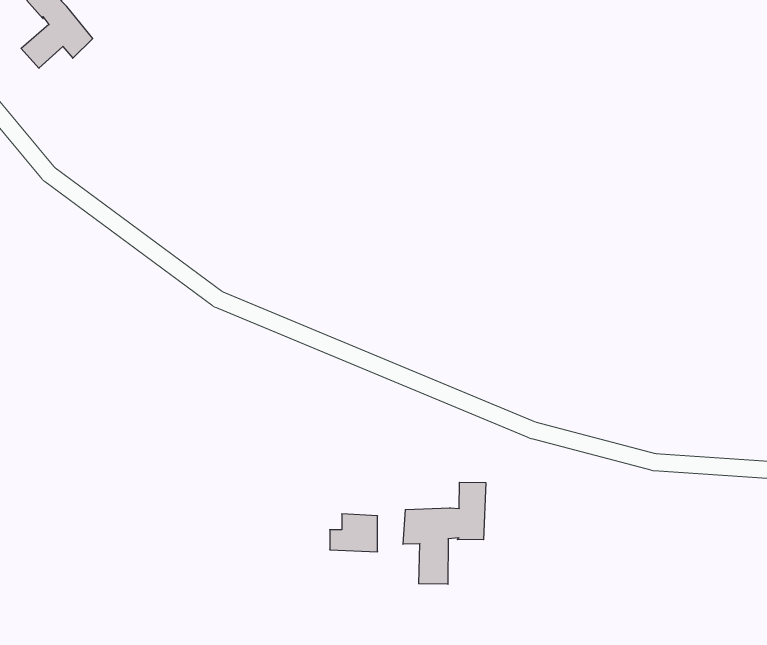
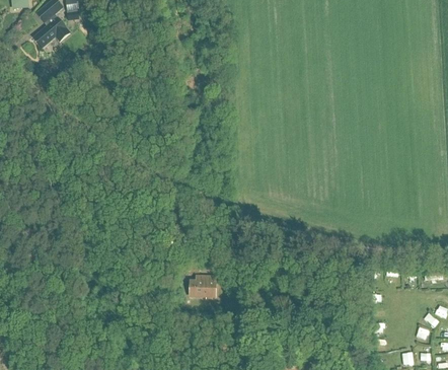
building: [403,482,486,584] -> none

